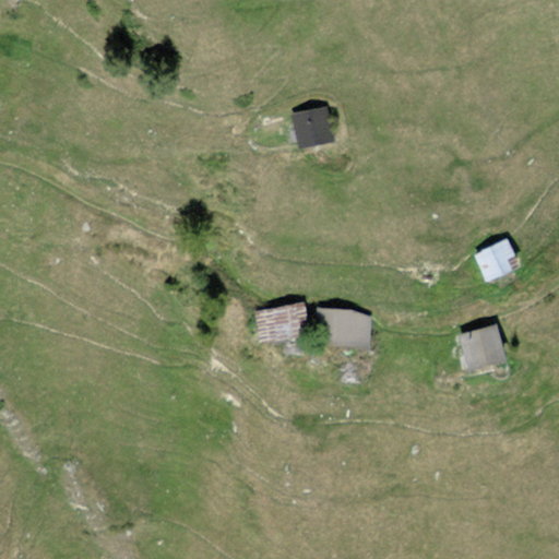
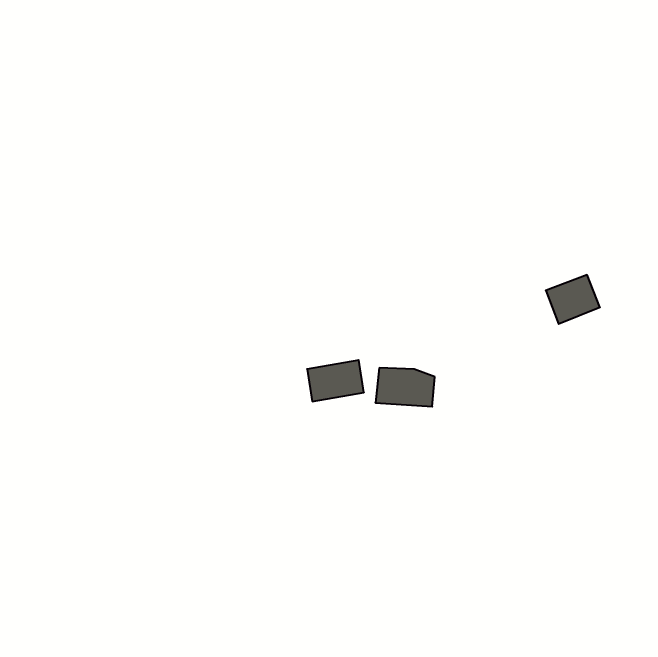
building: [296,108,332,144] -> none
building: [464,329,502,365] -> none

